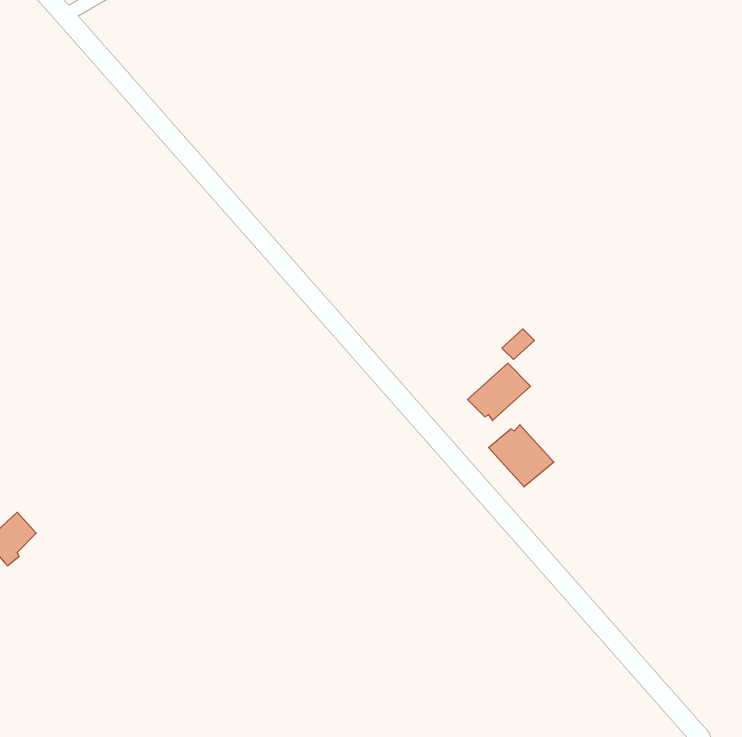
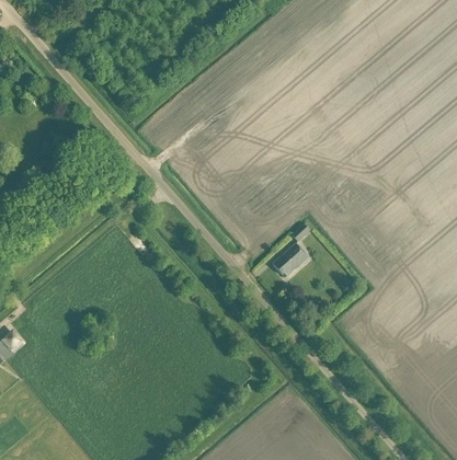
building: [489,425,554,487] -> none

